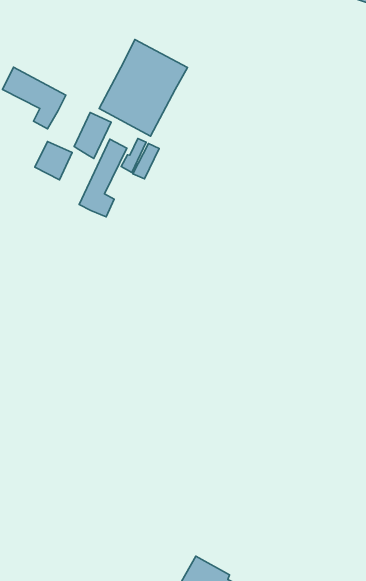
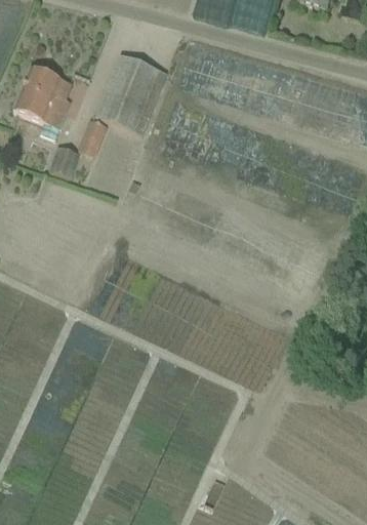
building: none -> [23,66,72,106]
building: [79,139,127,217] -> none

